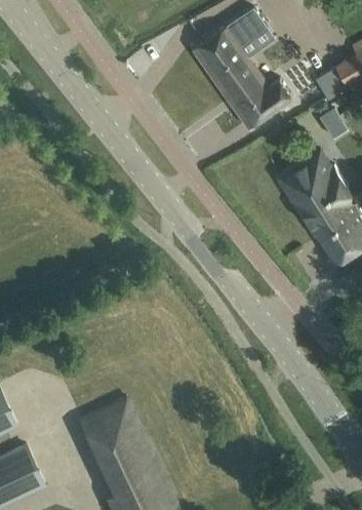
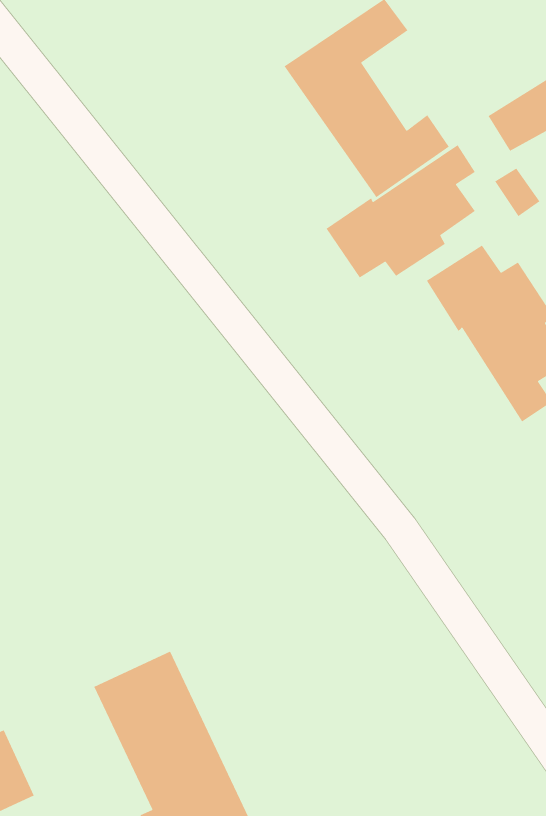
building: none -> [326,144,476,278]

